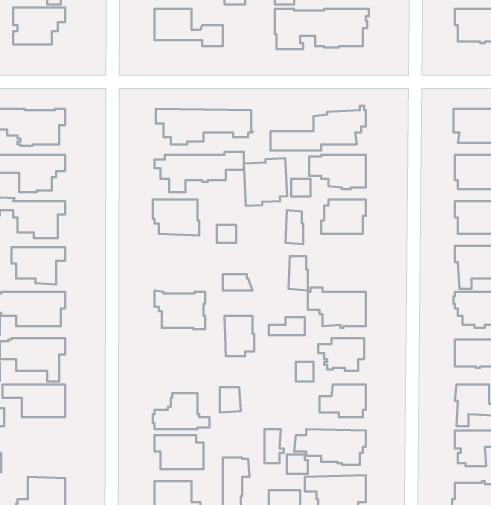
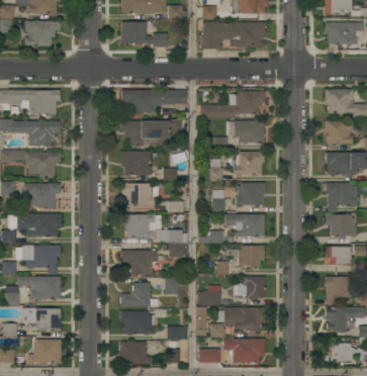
building: [244,158,287,206] -> none
building: none -> [122,182,157,211]
building: none -> [236,182,265,204]
building: none -> [121,250,158,277]
building: none -> [198,285,221,305]
building: none -> [27,307,61,330]

